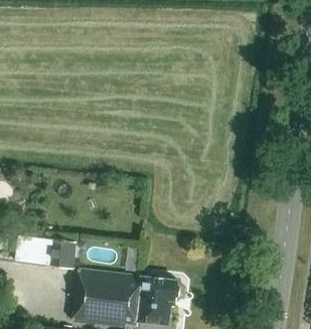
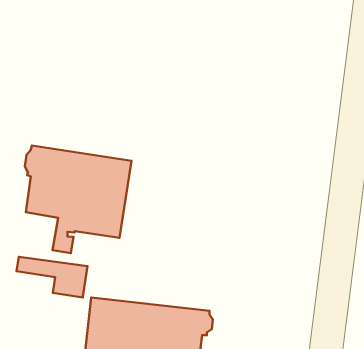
building: none -> [25,146,131,253]

